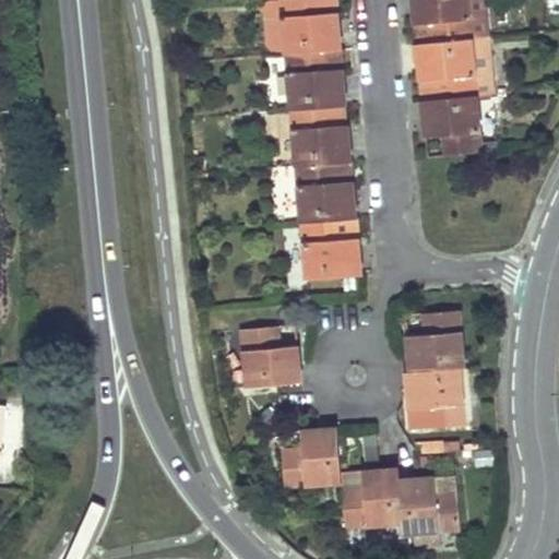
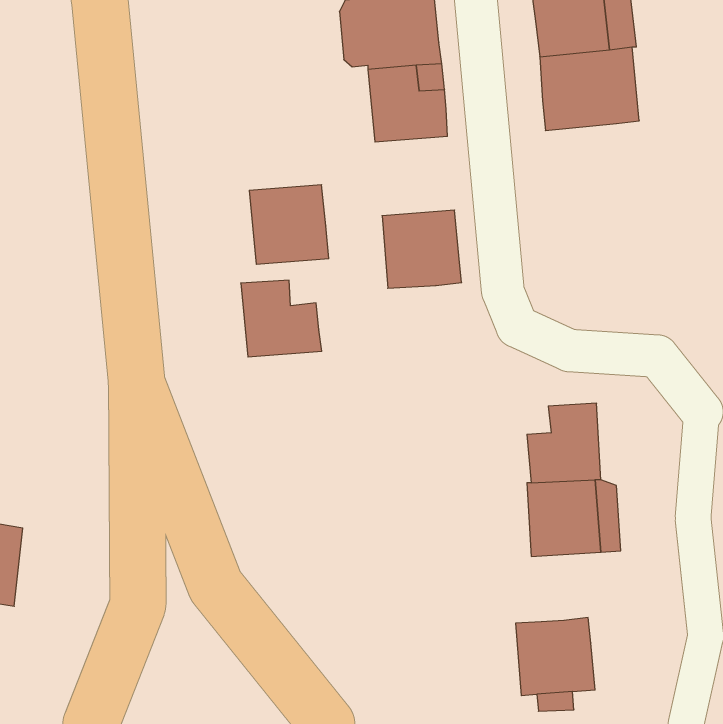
building: [419,95,479,154] -> none
building: [288,105,349,166] -> [249,185,329,264]
building: [298,219,360,278] -> [241,280,322,357]
building: [239,326,299,386] -> none
building: [280,427,340,487] -> none
building: [341,468,400,526] -> none

